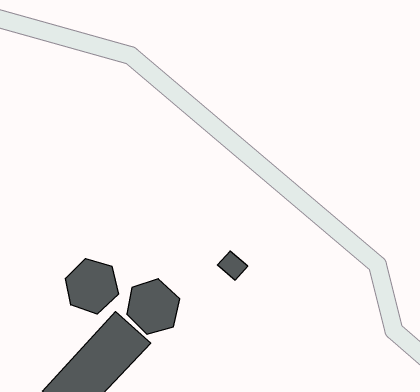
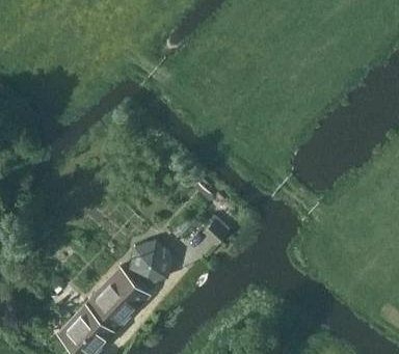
building: [65,259,118,314] -> none

